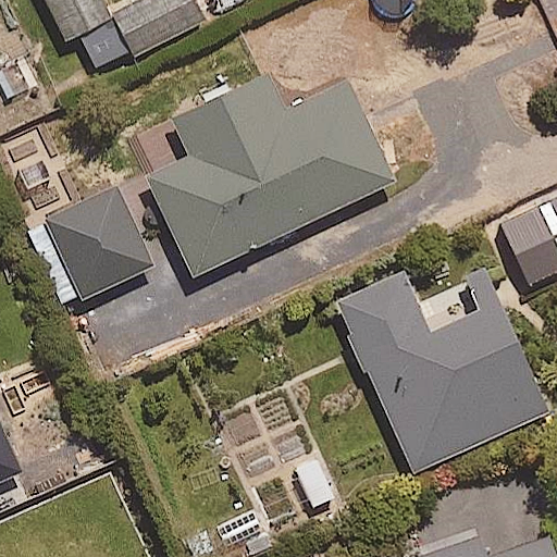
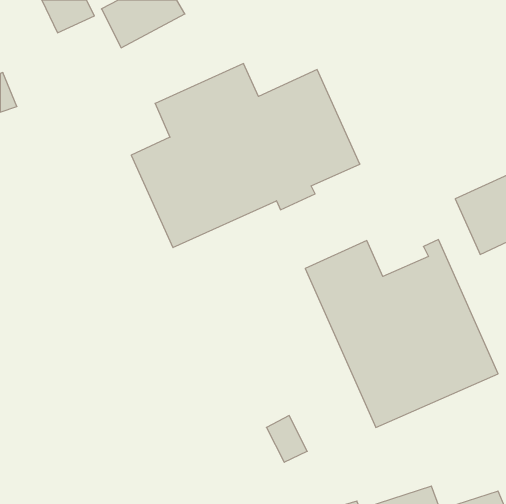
building: [47,189,150,298] -> none

